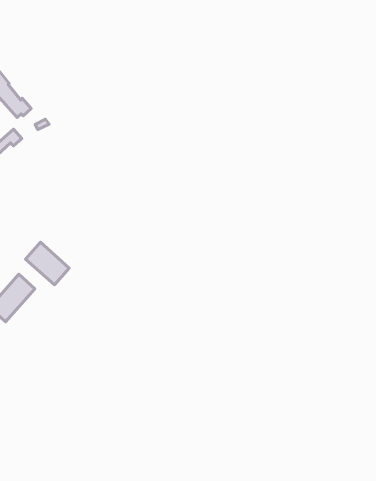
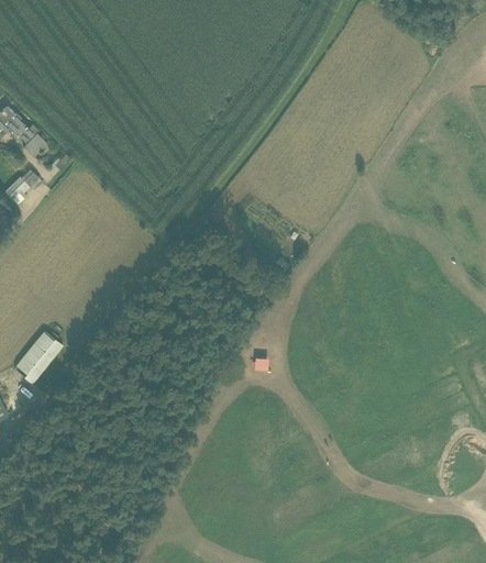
building: [26,242,69,285] -> none

